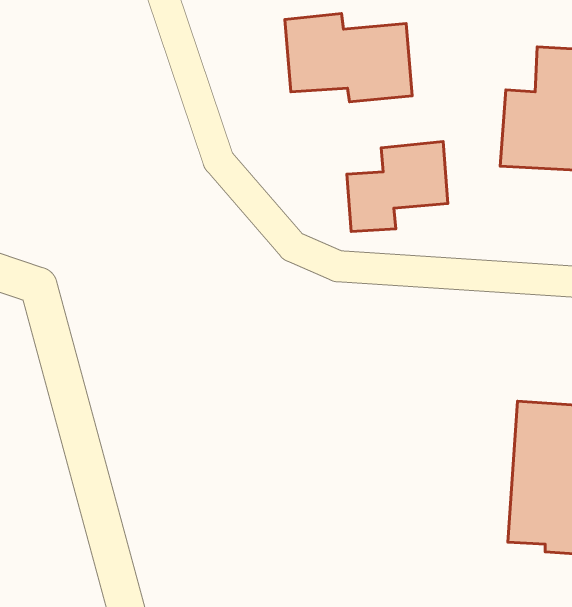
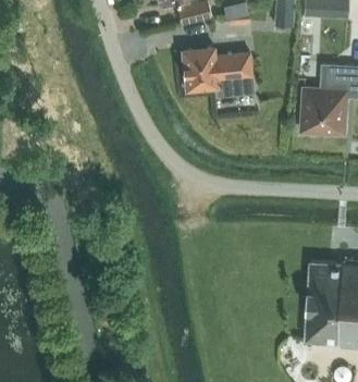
building: [347,142,448,231] -> none

